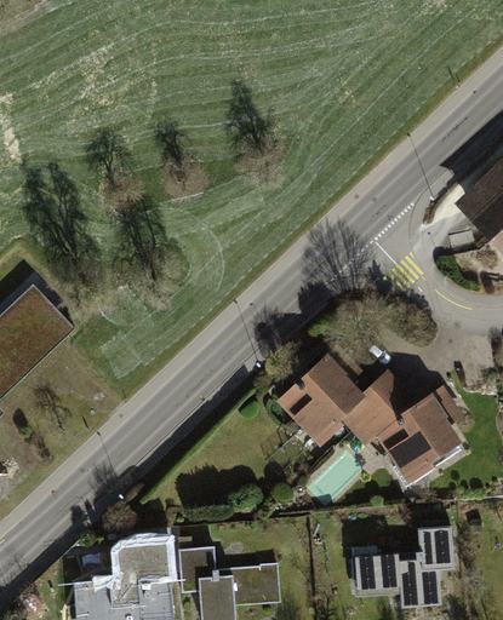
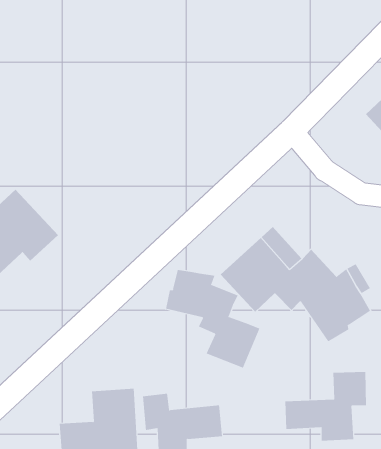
building: none -> [166,269,260,369]

